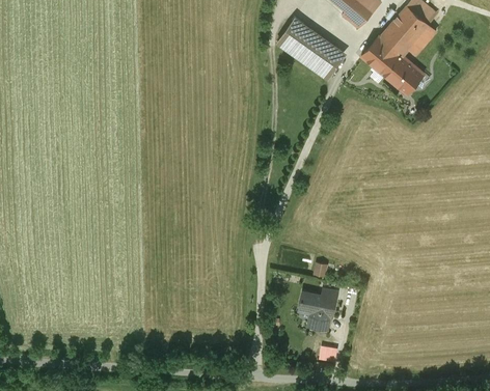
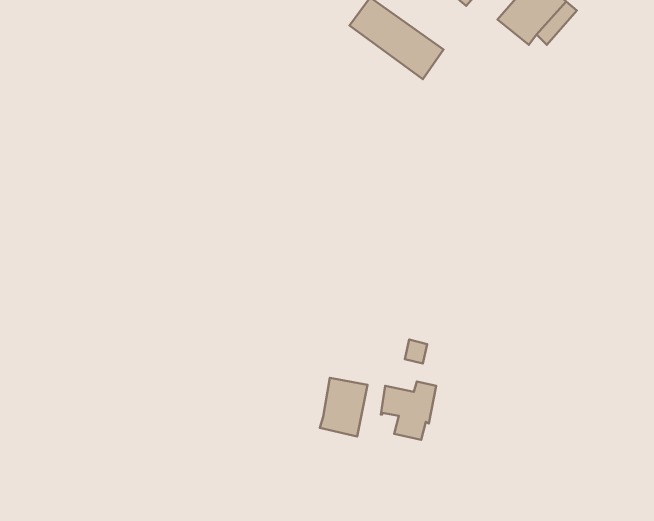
building: [361,36,431,94] -> none
building: none -> [320,378,367,437]

